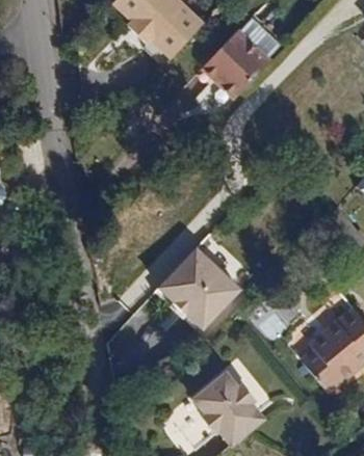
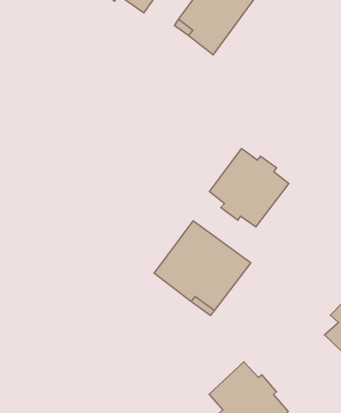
building: none -> [210,148,289,227]

